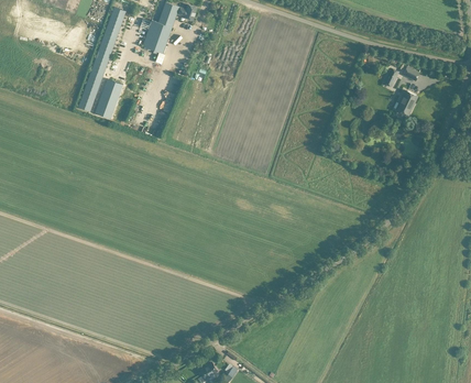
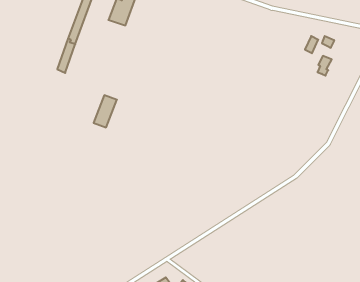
building: [94,79,122,119] -> [94,95,117,127]

